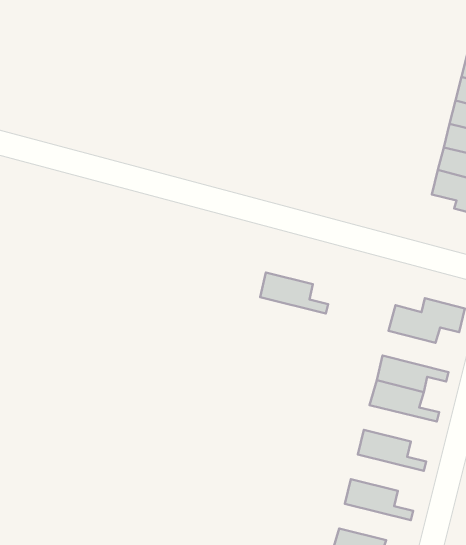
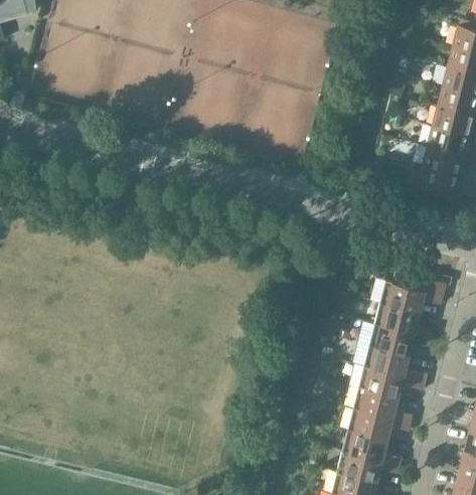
building: [260,272,328,314] -> [374,303,433,338]
building: none -> [358,366,421,397]
building: none -> [347,408,410,440]
building: none -> [337,451,399,482]

